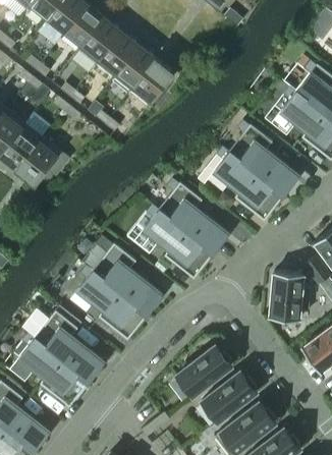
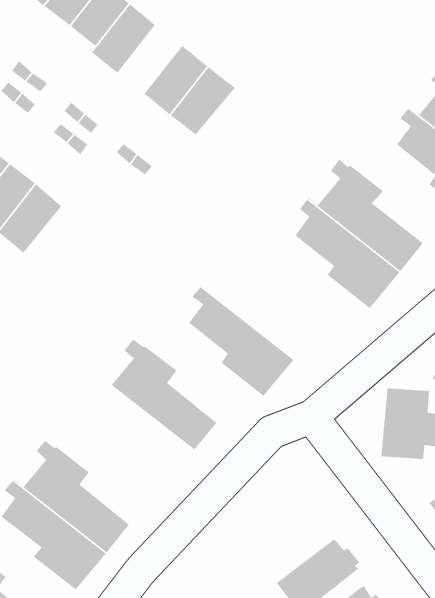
building: [96,33,139,78] -> none
building: [151,179,228,254] -> none
building: [76,267,147,340] -> none
building: [175,346,231,397] -> none

